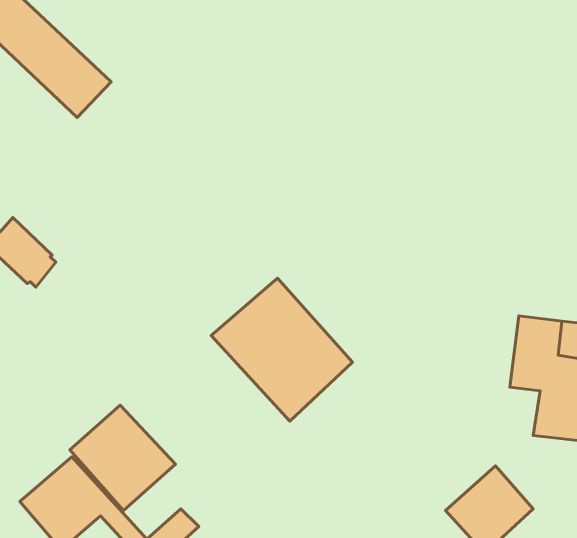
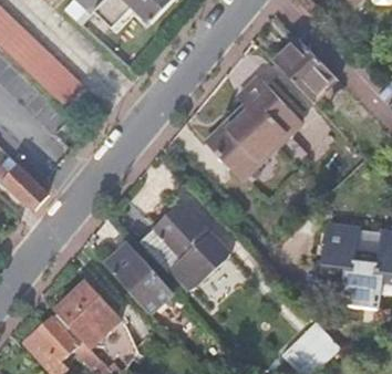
building: none -> [274,37,333,98]
building: none -> [205,75,302,181]
building: none -> [103,240,173,312]

